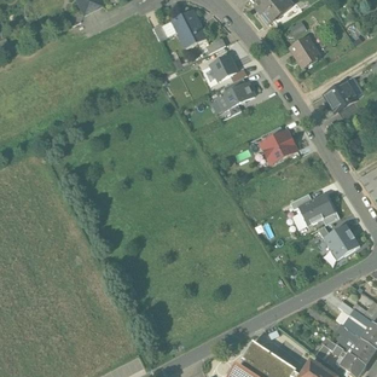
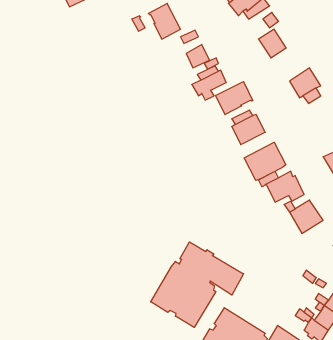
building: none -> [216,82,253,115]
building: none -> [244,142,286,180]
building: none -> [151,242,244,327]

